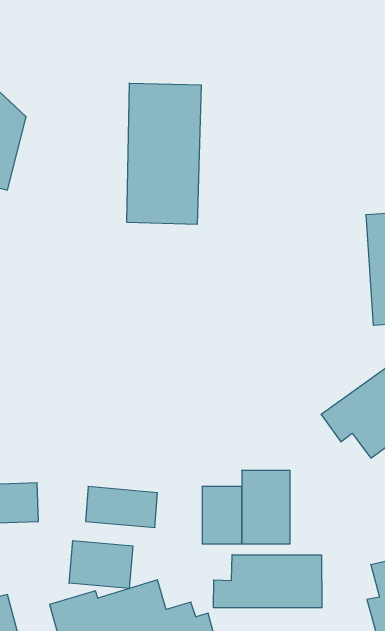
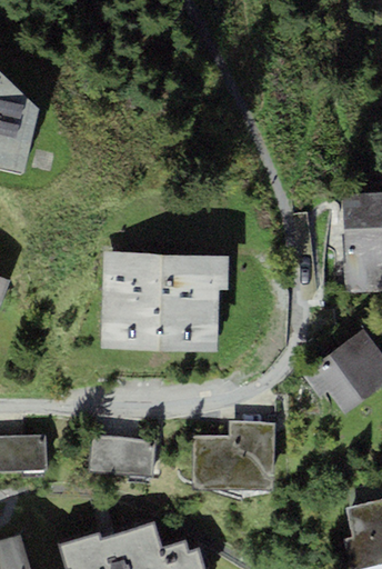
building: [127,83,201,224] -> none
building: none -> [102,250,230,350]
building: [69,541,133,589] -> none
building: [214,555,322,608] -> none

